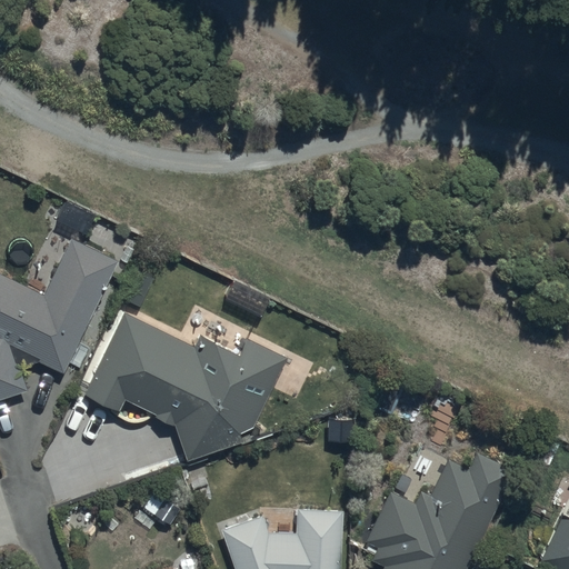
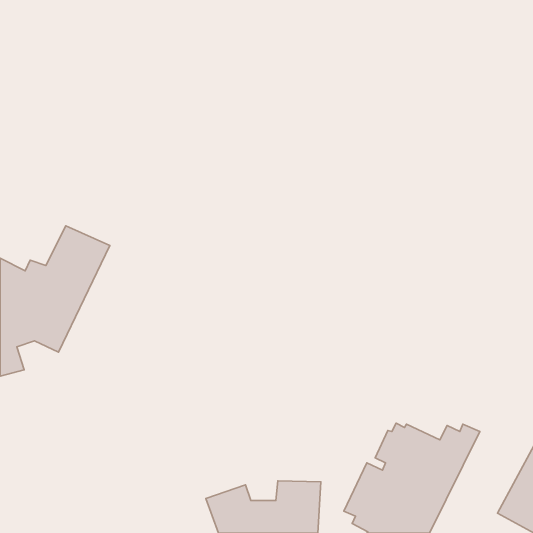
building: [83,313,288,463] -> none

